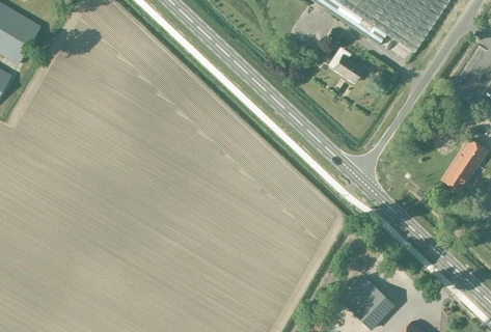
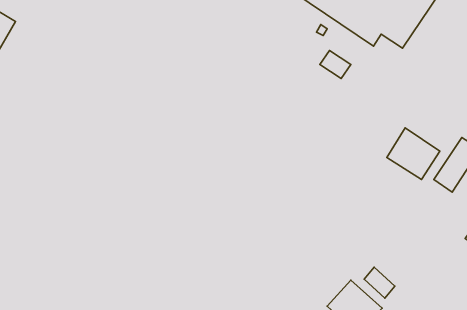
building: none -> [387,128,440,179]
building: none -> [364,267,395,298]

